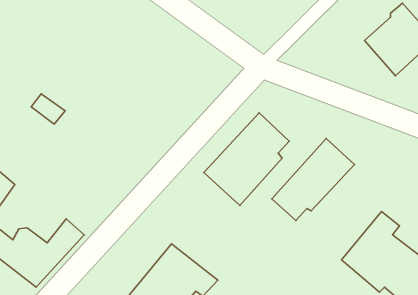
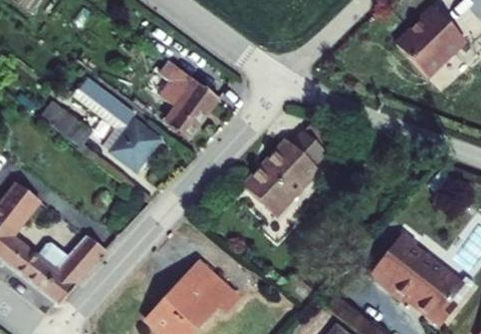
building: none -> [162,61,220,136]
building: none -> [88,83,160,168]
building: [272,139,354,220] -> none

